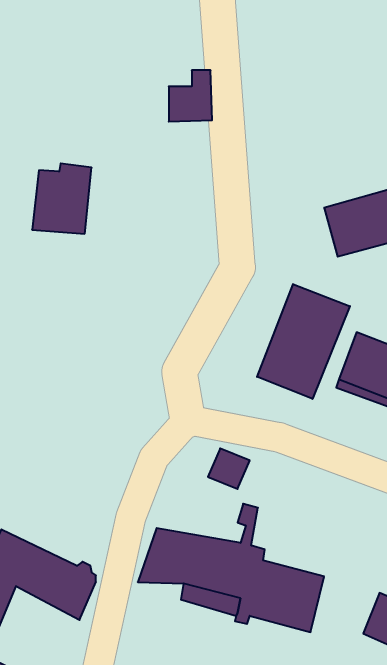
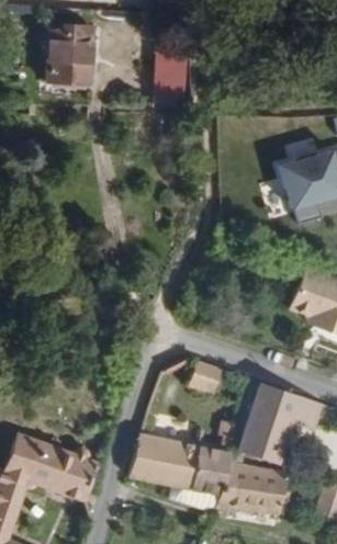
building: [32,163,92,234] -> [44,27,92,84]
building: [257,284,350,399] -> none
building: none -> [236,377,317,460]

